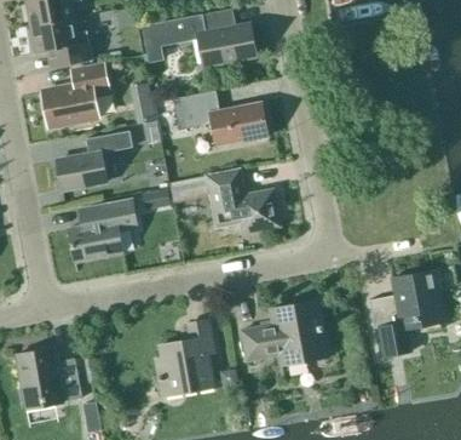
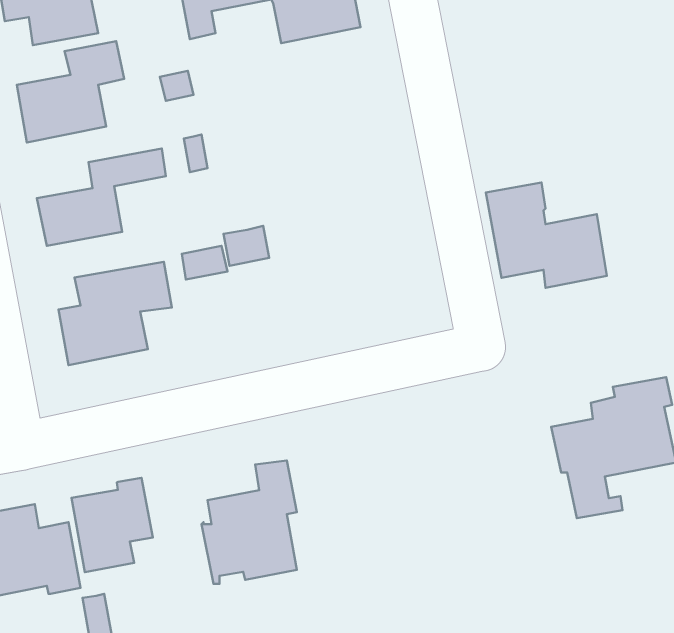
building: [172,90,267,145] -> none
building: [206,168,280,233] -> [486,183,607,288]
building: [241,299,325,365] -> none
building: none -> [71,478,153,572]

